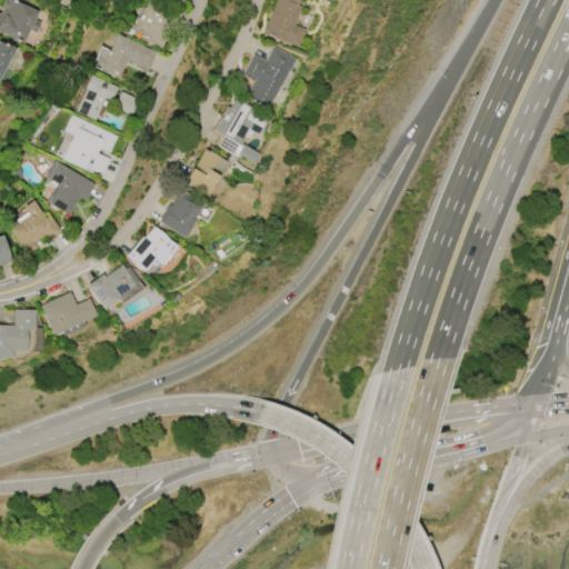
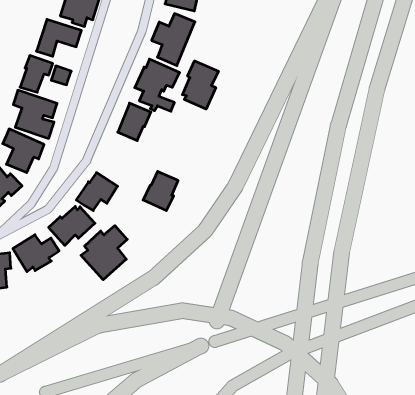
building: none -> [182,61,218,109]
building: [159,190,204,239] -> [143,171,178,211]
building: none -> [81,226,127,280]

